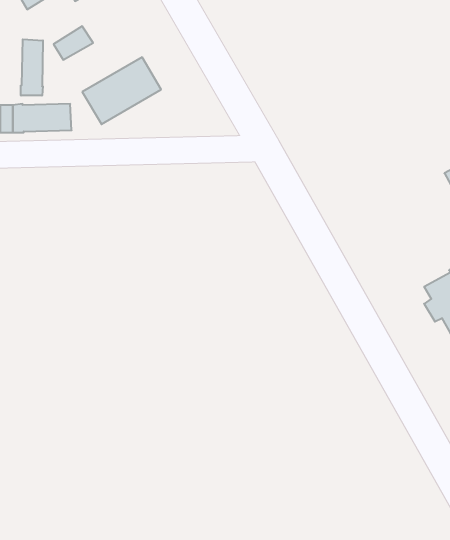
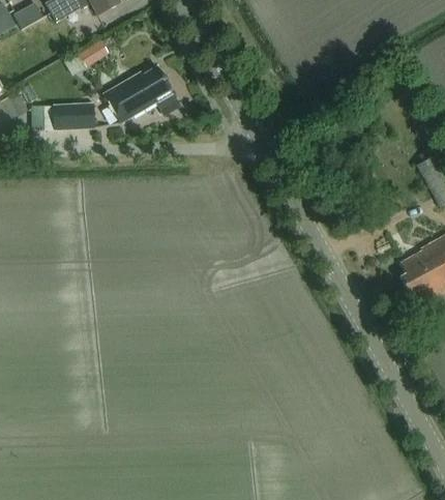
building: [21,39,43,96] -> none

